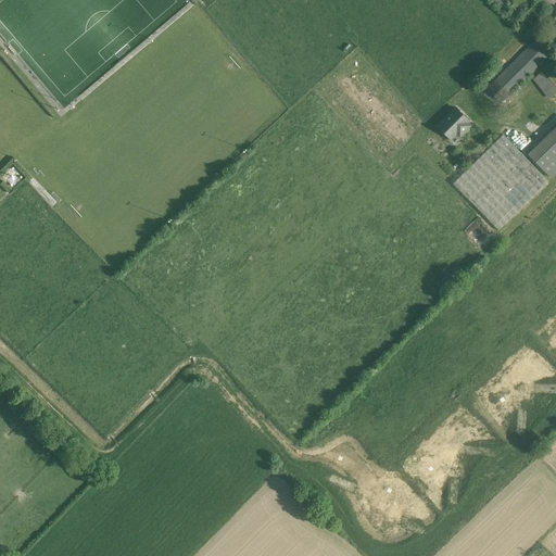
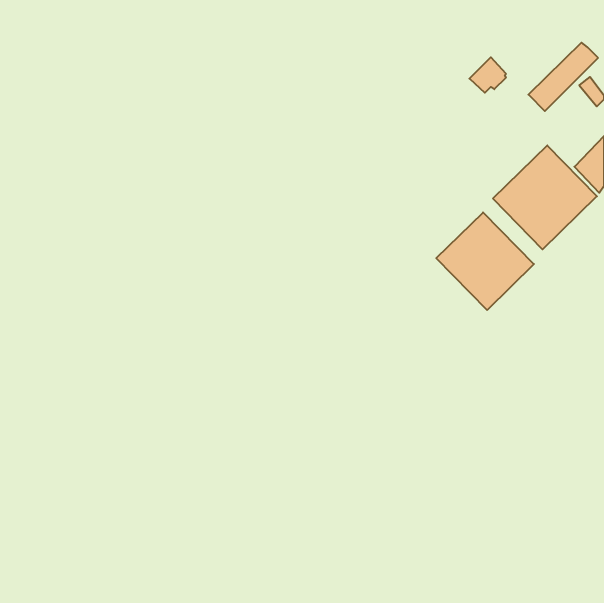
building: [435,105,469,138] -> [469,57,506,93]
building: none -> [436,212,534,310]

